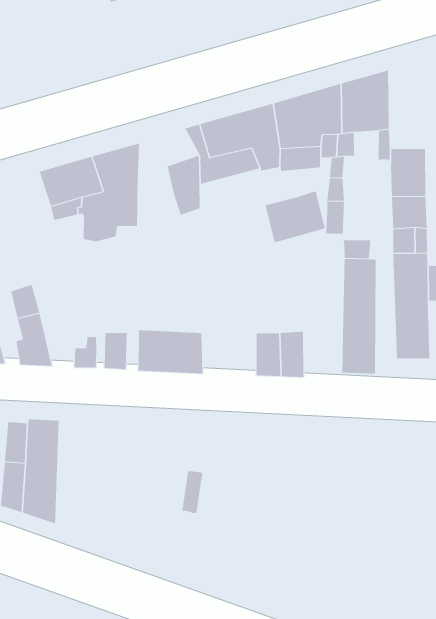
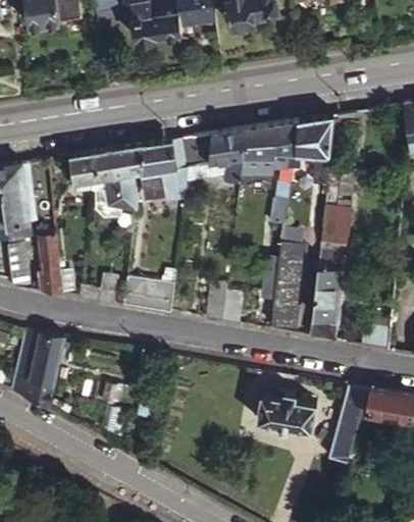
building: none -> [143,136,189,186]
building: [265,191,325,243] -> none
building: none -> [256,394,318,429]

